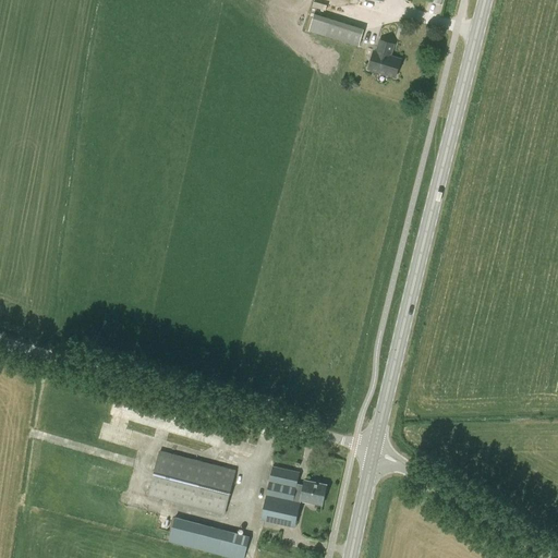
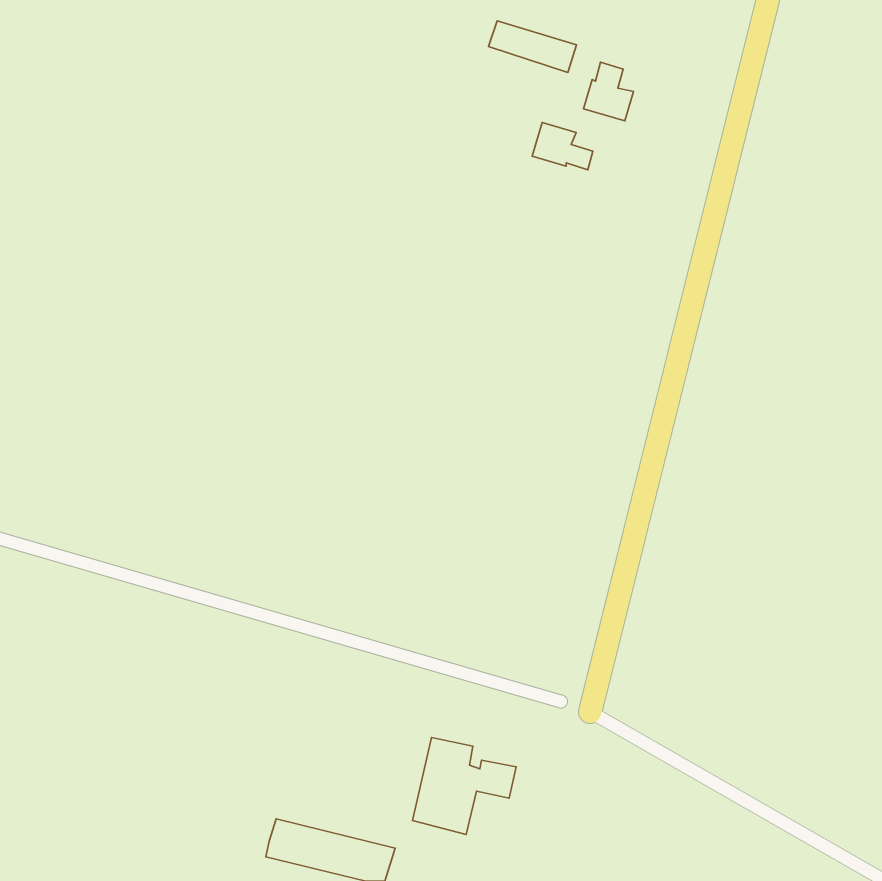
building: none -> [532,122,593,170]
building: [149,451,235,513] -> none

